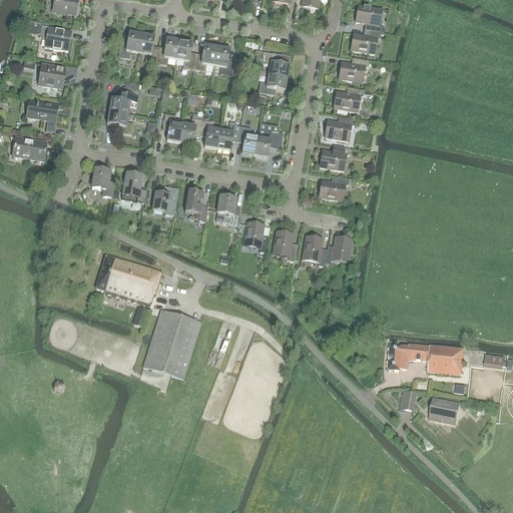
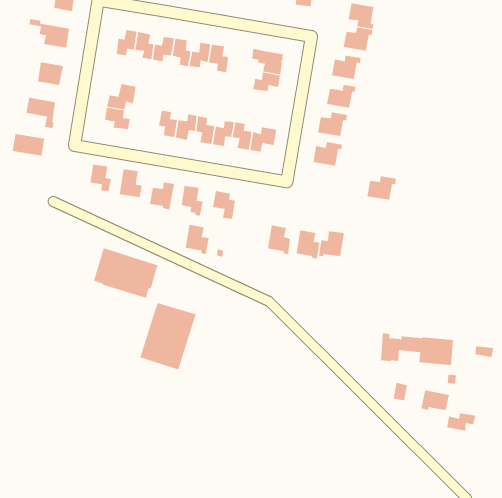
building: [318,174,349,199] -> [366,176,397,200]
building: [243,220,269,251] -> [185,224,209,255]
building: none -> [446,412,476,431]

